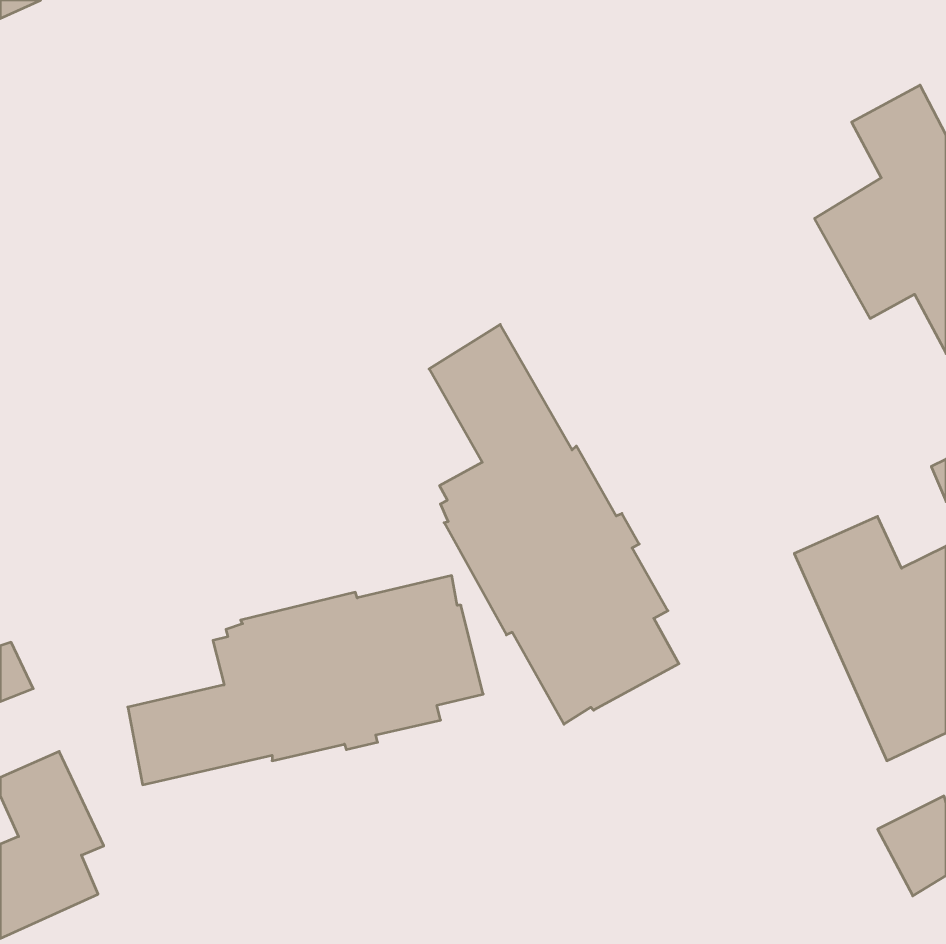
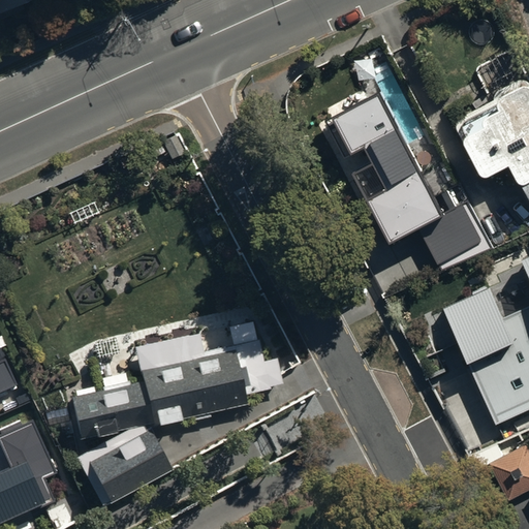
building: none -> [331,94,494,271]
building: [429,324,679,724] -> none
building: none -> [90,429,174,502]

